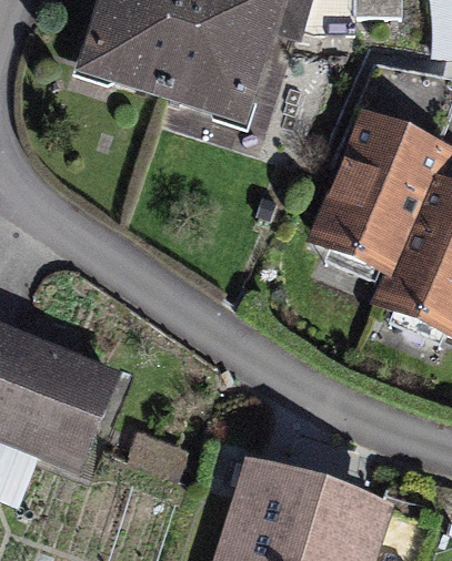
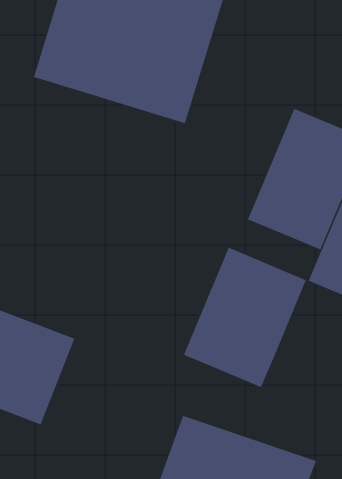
building: none -> [183,247,306,388]

